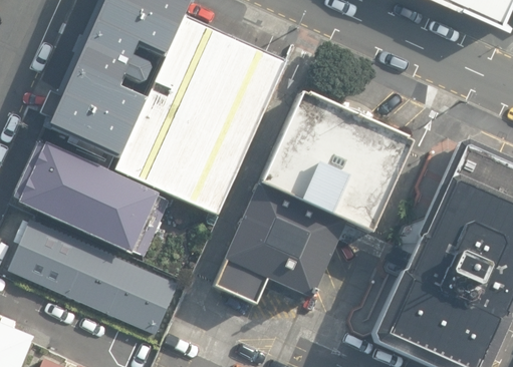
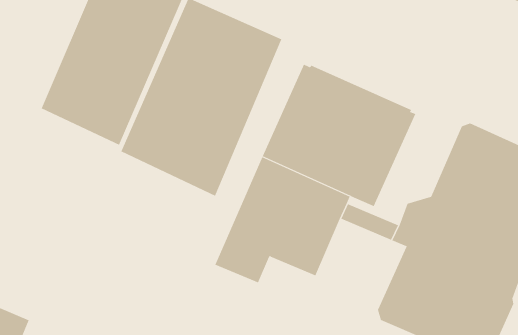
building: [15,138,160,253] -> none
building: [12,221,178,334] -> none

